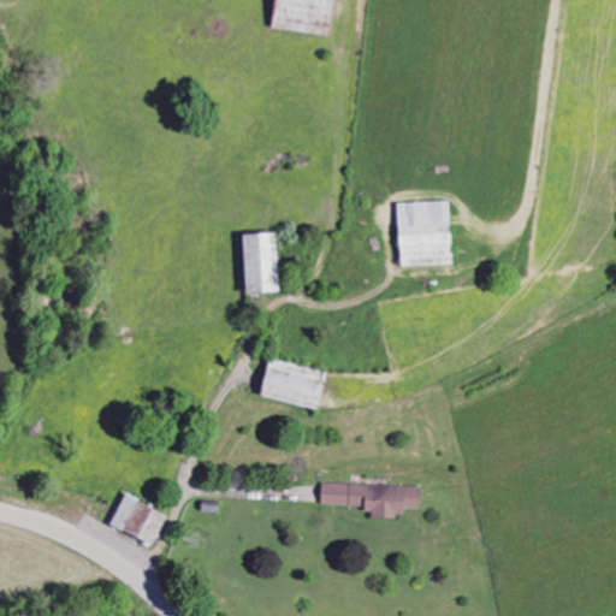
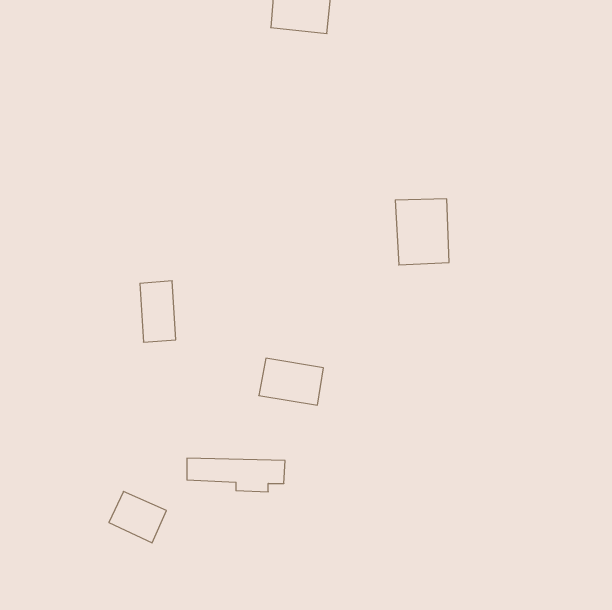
building: [242,231,278,292] -> [140,281,176,342]
building: [321,482,420,516] -> [187,458,285,492]

